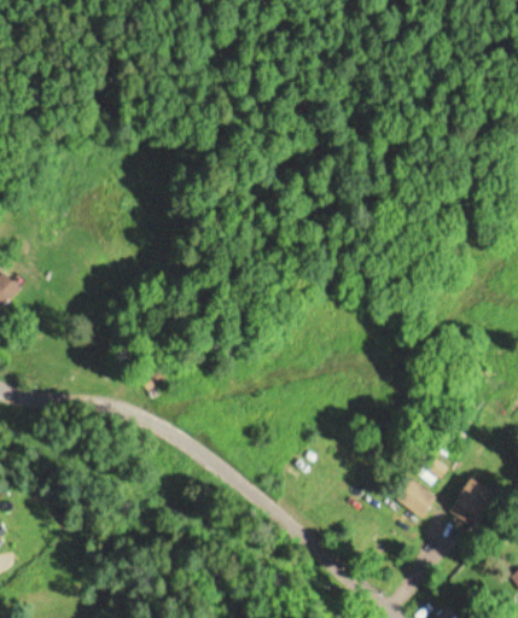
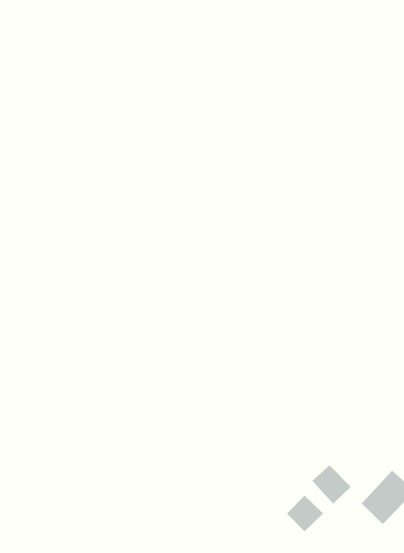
building: none -> [286,495,324,532]

